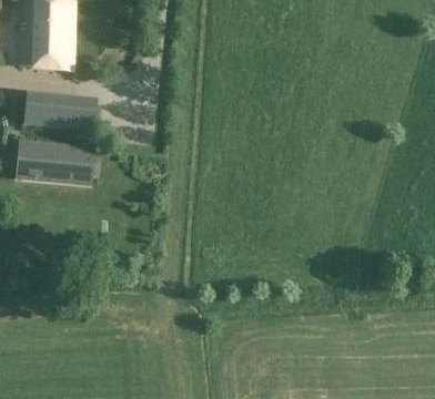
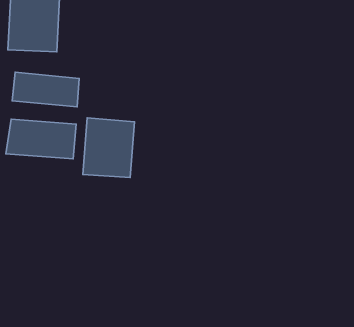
building: none -> [83,118,134,178]

